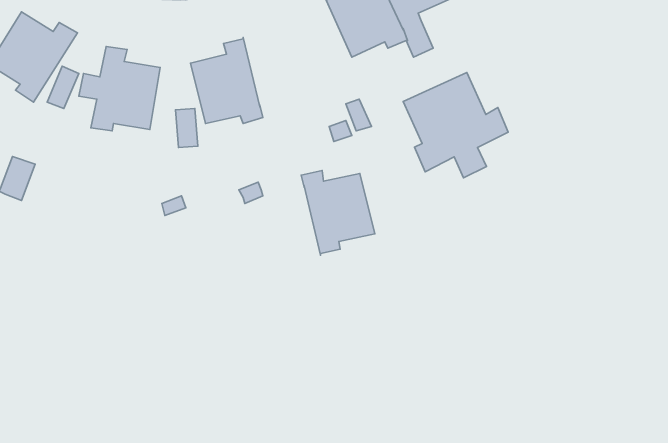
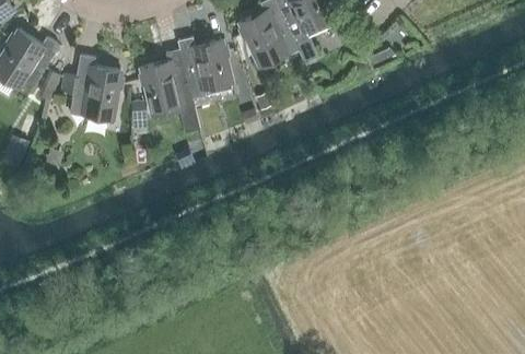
building: [403,72,508,178] -> none
building: [301,171,375,255] -> [177,37,231,98]

